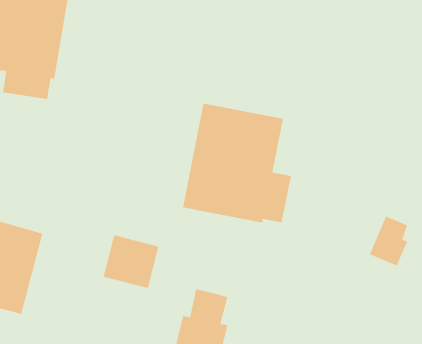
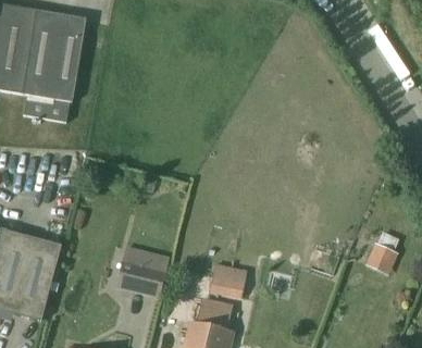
building: [183,103,291,223] -> none
building: none -> [208,262,247,298]

